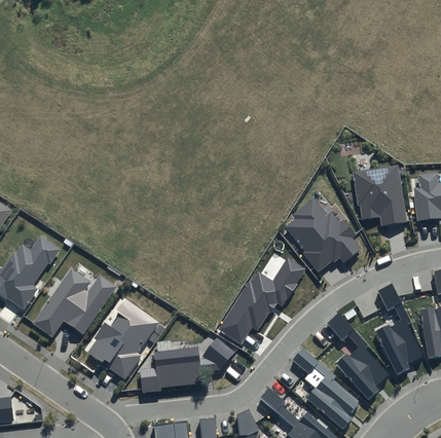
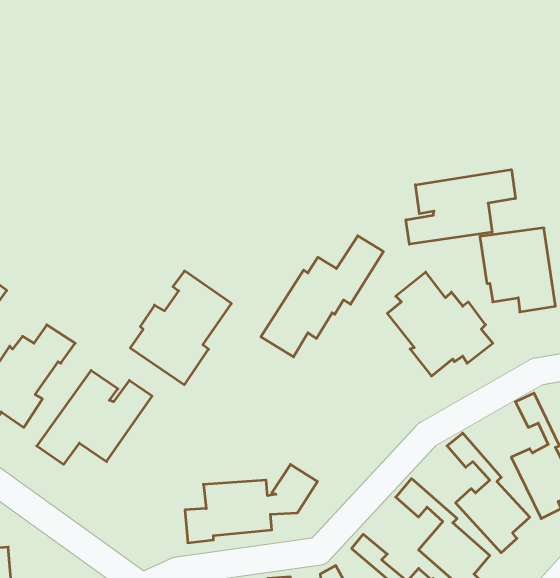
building: none -> [406,170,515,244]
building: [217,257,305,344] -> [261,236,383,357]
building: [85,298,158,380] -> [130,271,231,385]

